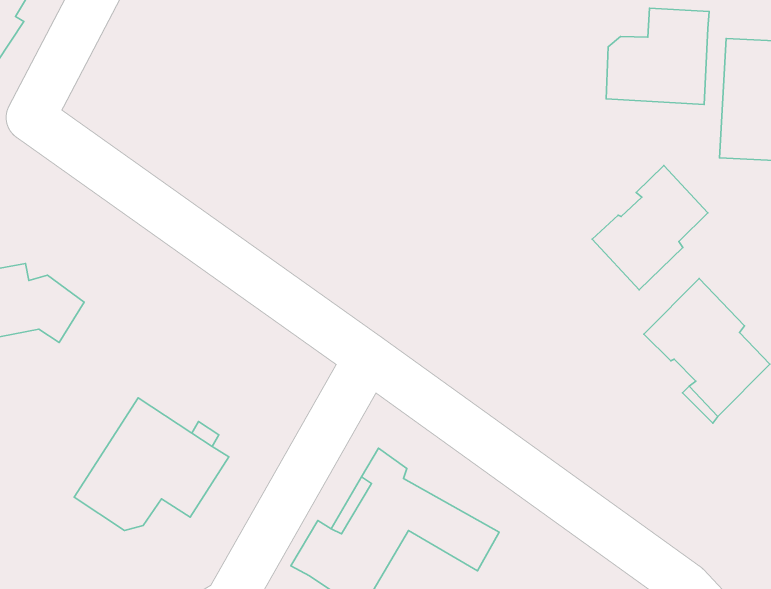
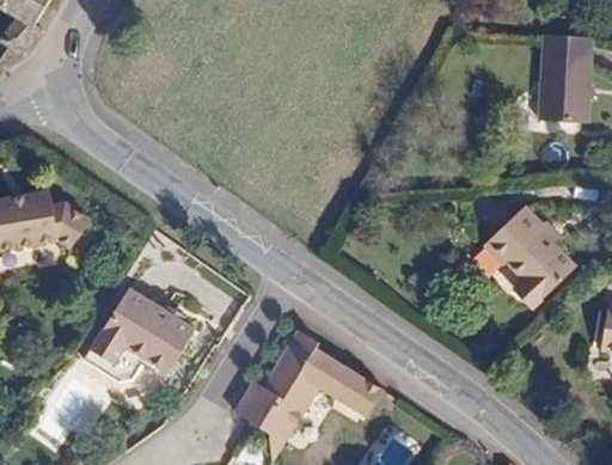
building: [606,8,709,104] -> none
building: [592,165,708,290] -> none

